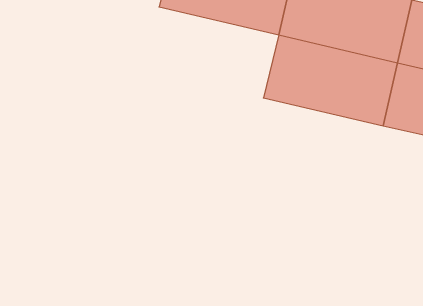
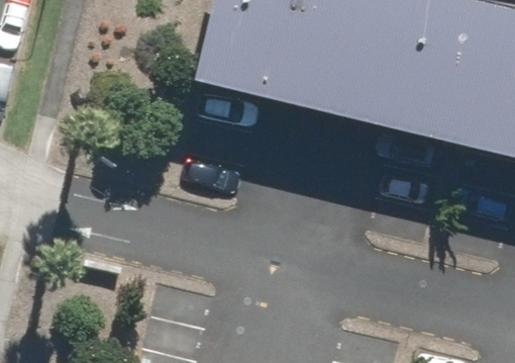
building: none -> [182,12,332,114]

